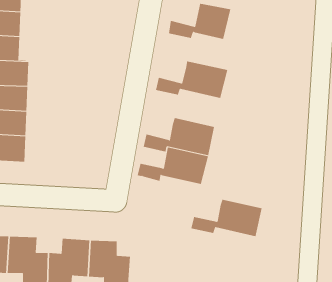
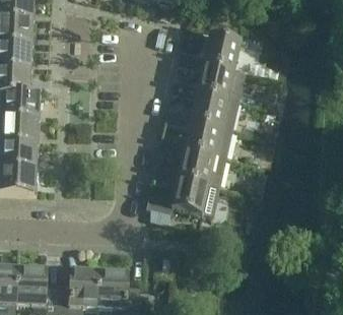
building: none -> [170,62,244,100]
building: [190,199,262,237] -> [158,119,230,156]

